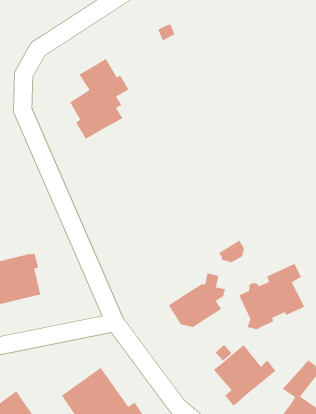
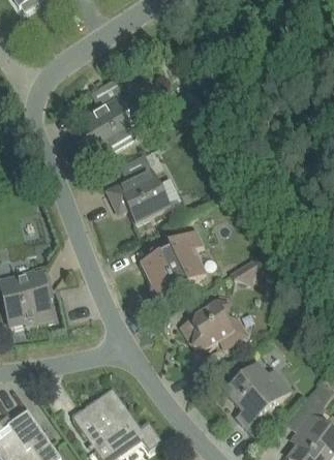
building: none -> [107,153,170,222]
building: [238,263,305,331] -> [139,229,206,298]

